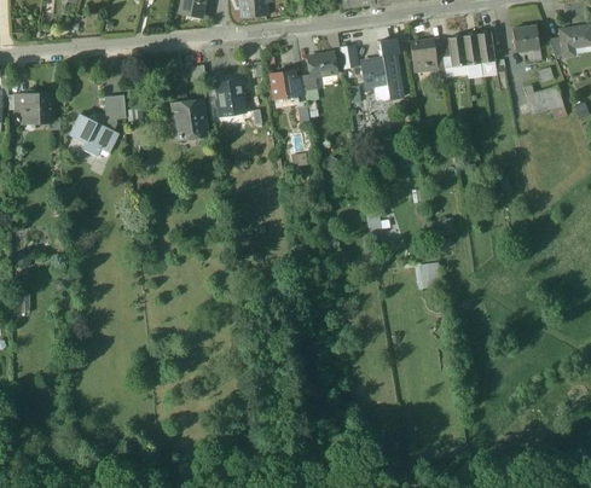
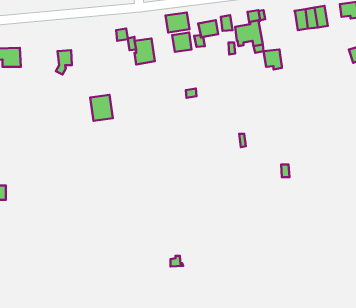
building: [411,40,438,69] -> [264,49,282,69]
building: none -> [166,12,189,32]
building: [174,100,207,138] -> [90,95,113,121]
building: [70,114,118,155] -> none

